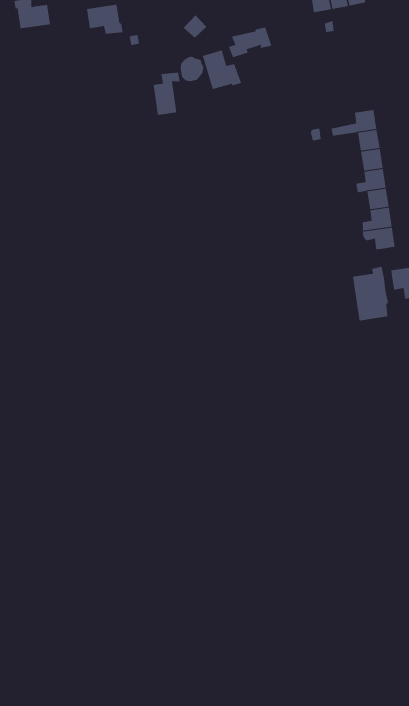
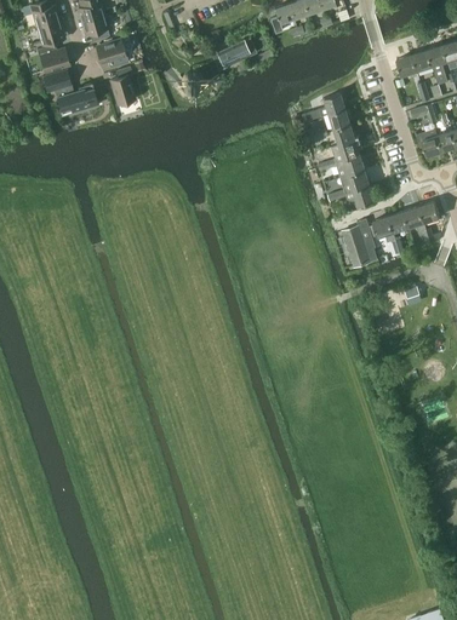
building: none -> [42,70,98,113]
building: [202,49,242,90] -> none
building: [153,72,180,116] -> [110,68,133,105]

